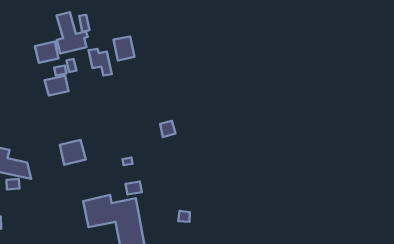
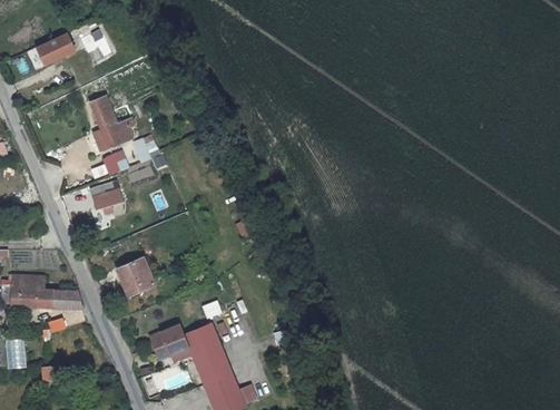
building: [113,37,134,61] -> none
building: [35,41,58,63] -> none

